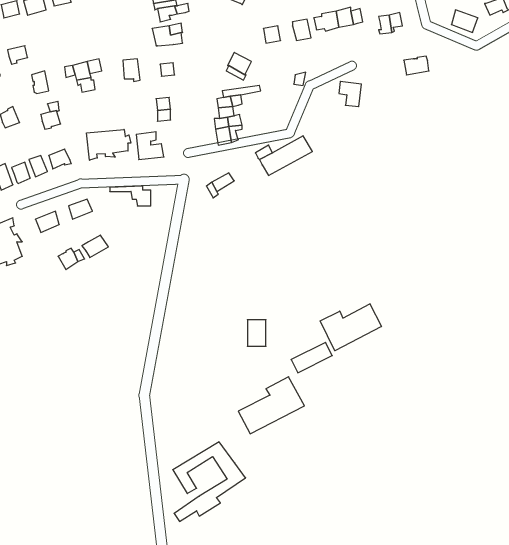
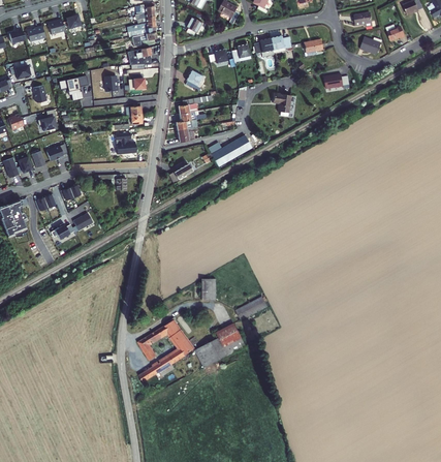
building: [87,129,131,160] -> none
building: [320,304,381,351] -> none
building: [173,442,246,521] -> [137,319,194,381]

